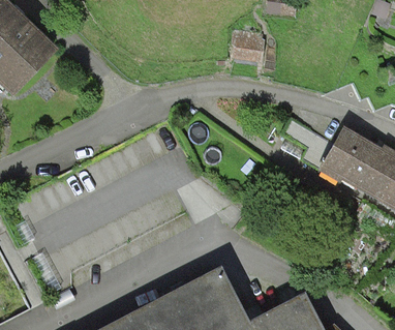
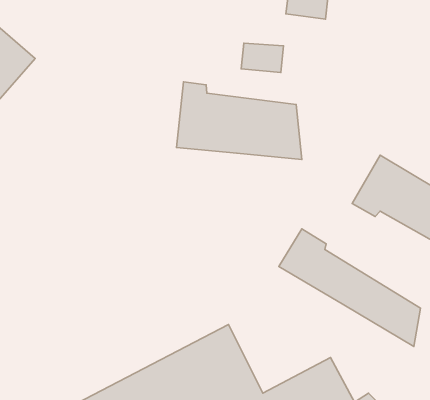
building: none -> [177,82,302,160]
building: none -> [279,229,421,346]

